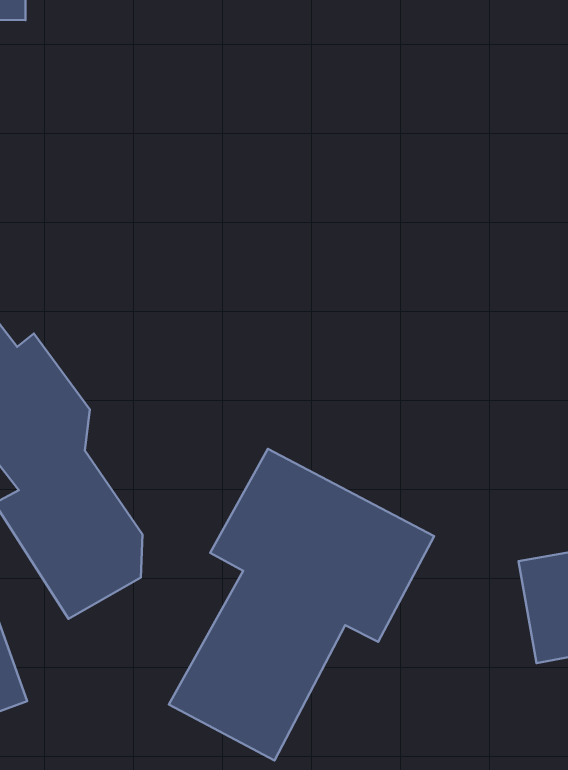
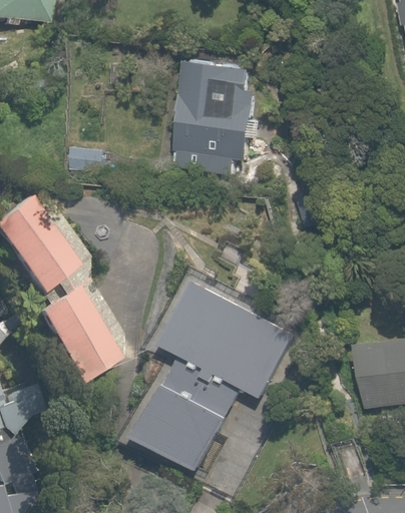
building: none -> [170,61,250,170]

